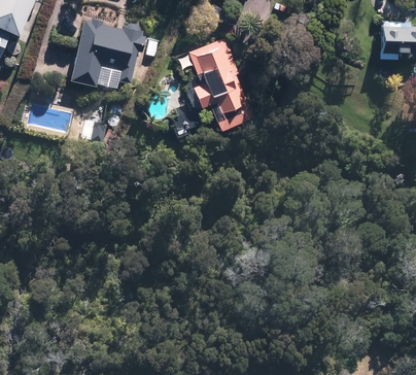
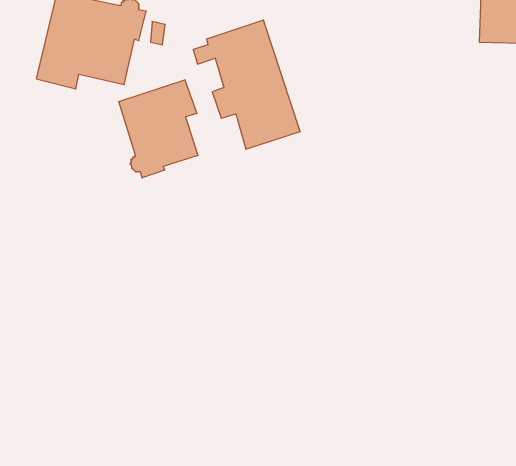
building: none -> [119,80,198,178]

